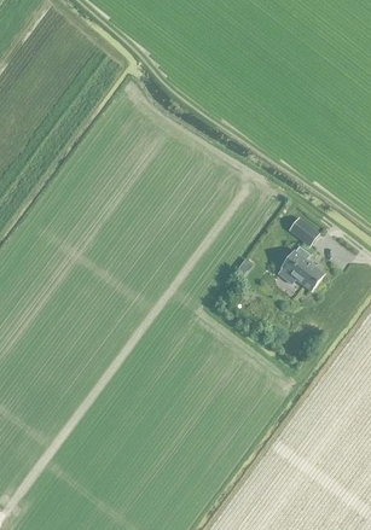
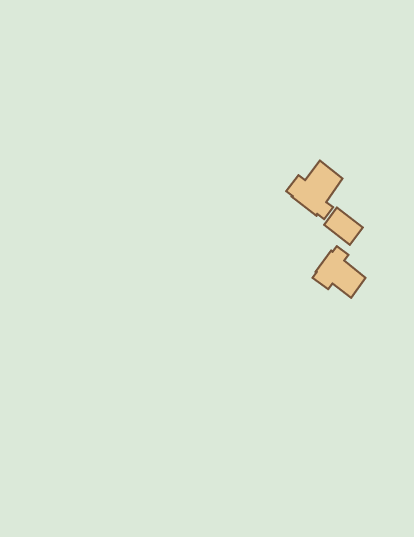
building: none -> [286,161,343,219]

